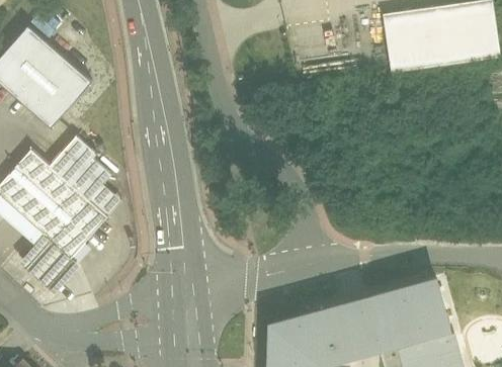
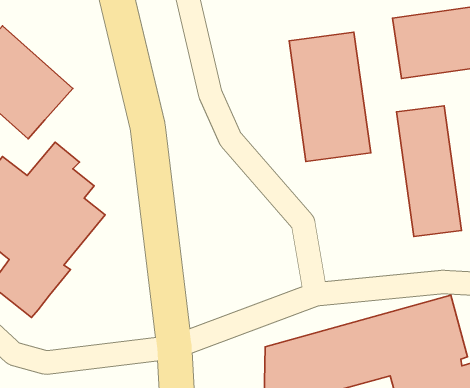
building: none -> [289,32,371,162]
building: none -> [396,106,462,237]

